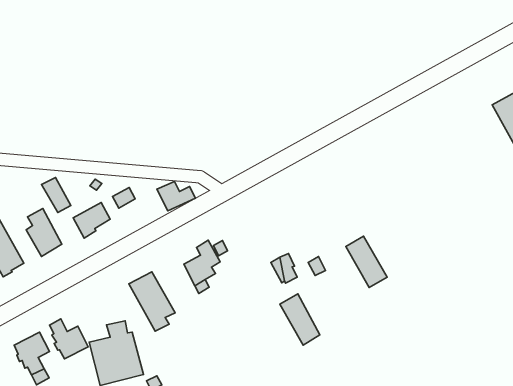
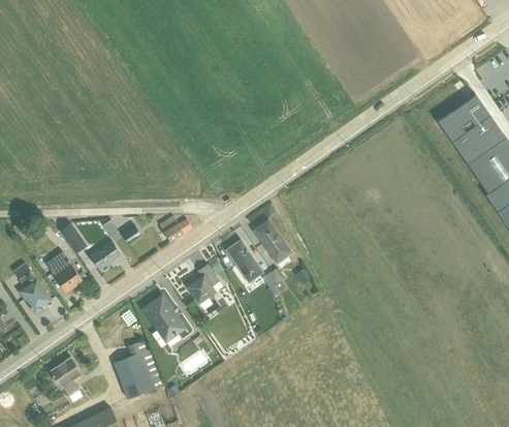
building: [346,236,387,287] -> [253,220,291,264]
building: [280,294,320,345] -> [225,240,262,283]
building: [50,319,88,359] -> none

